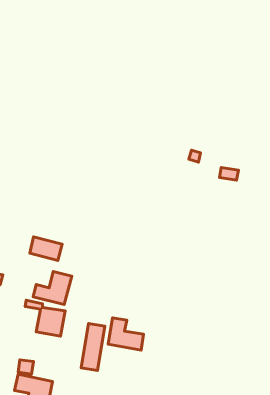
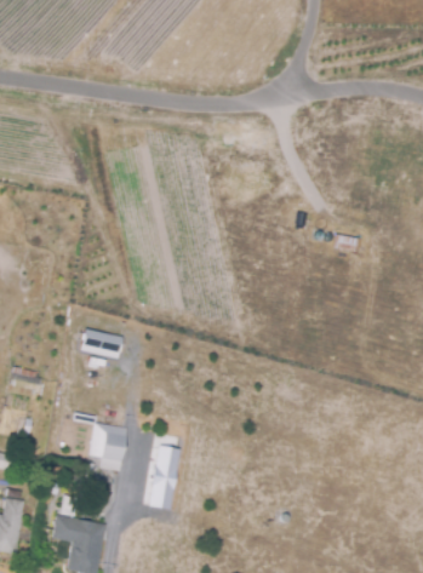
building: [33,272,72,304] -> none
building: [108,318,144,350] -> none

